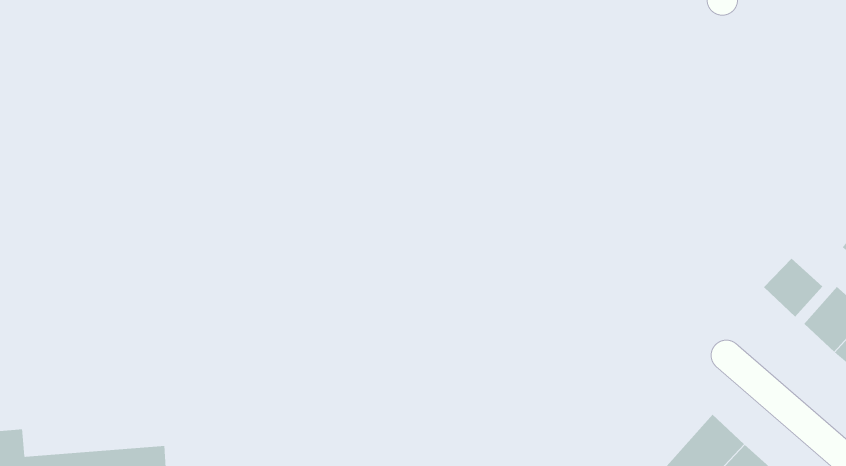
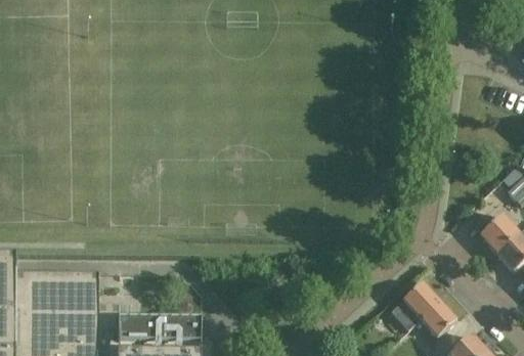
building: [763,258,823,317] -> none

